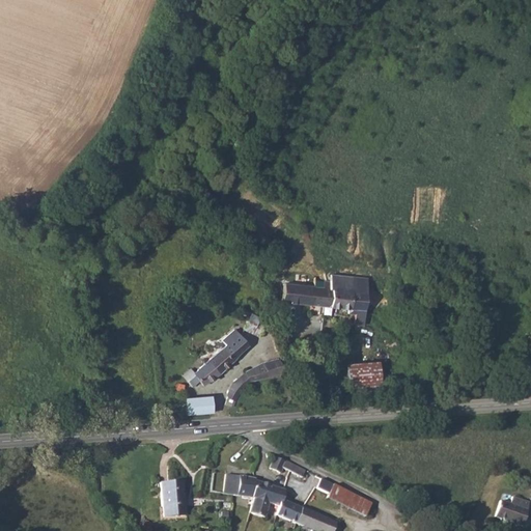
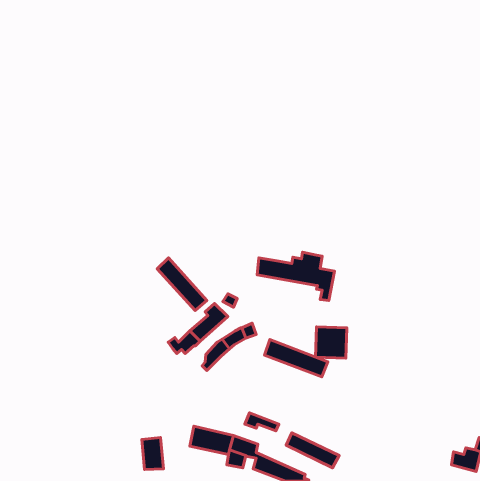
building: none -> [157,258,207,311]
building: none -> [265,339,328,377]
building: [185,394,215,414] -> none

